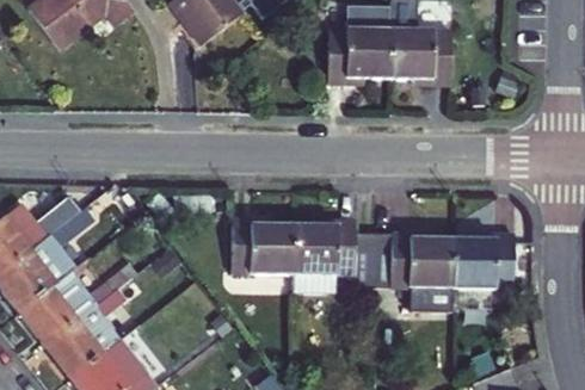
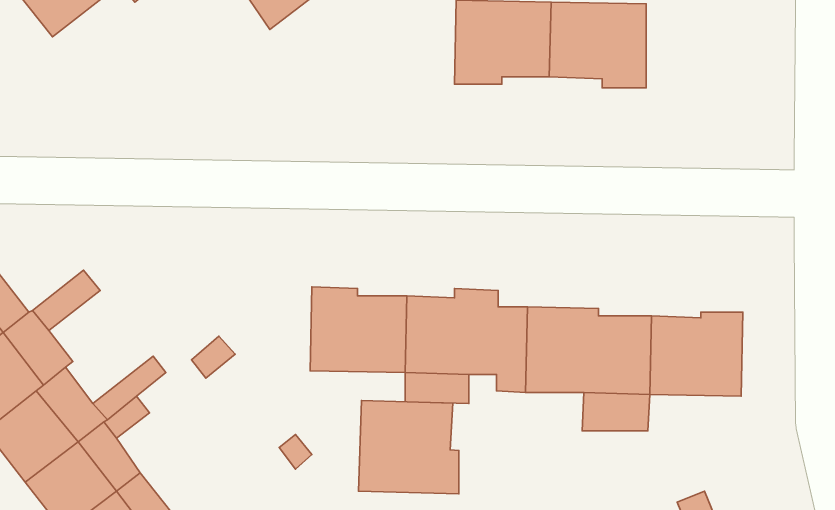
building: none -> [359,401,459,494]

